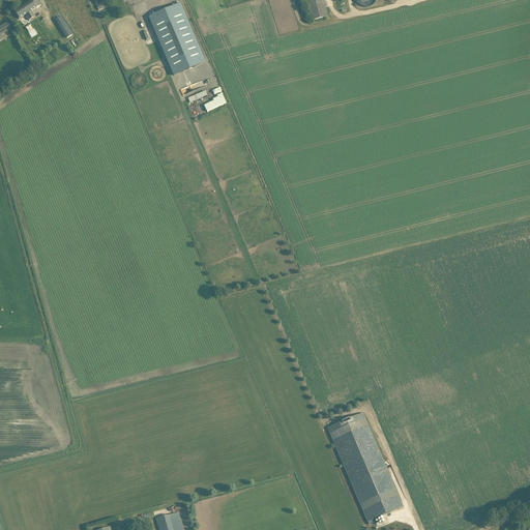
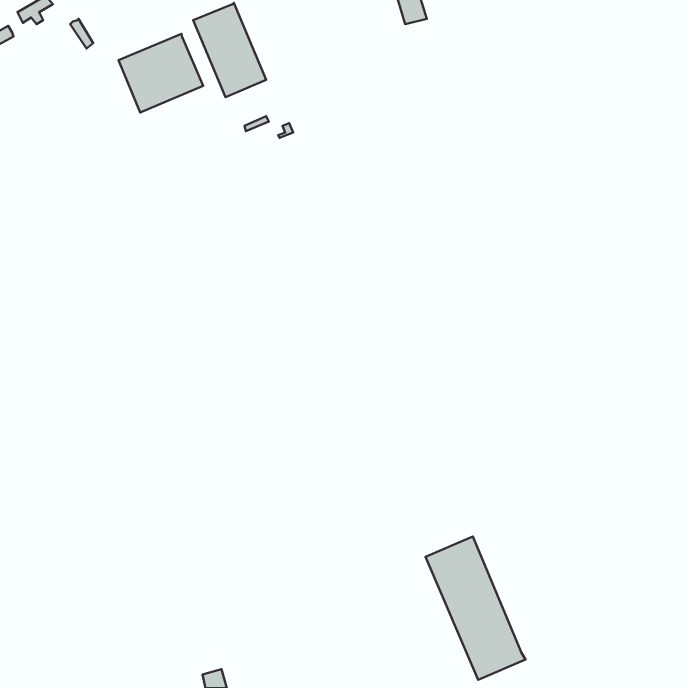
building: none -> [119,34,203,112]

